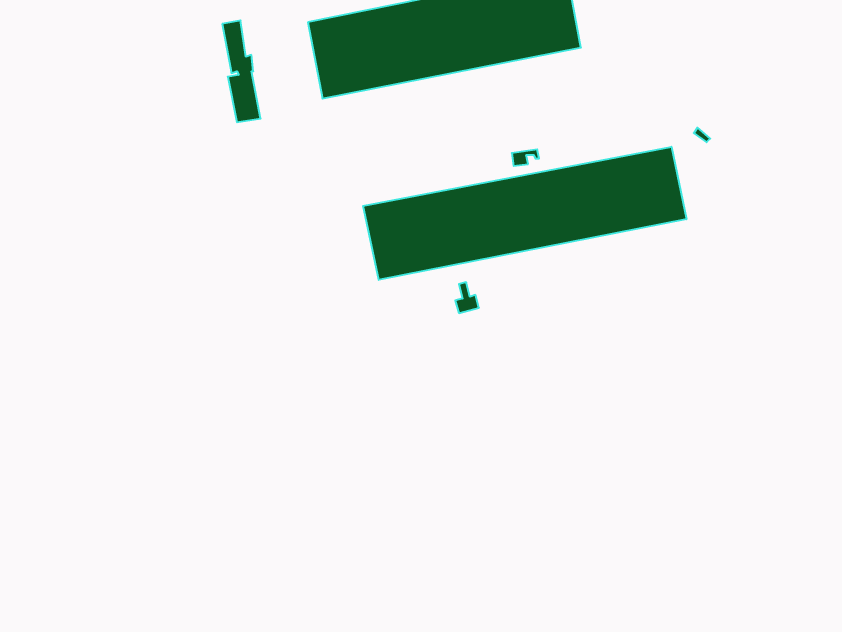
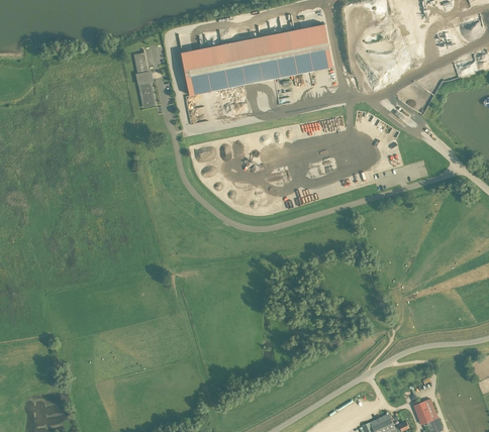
building: [363,147,686,280] -> none

